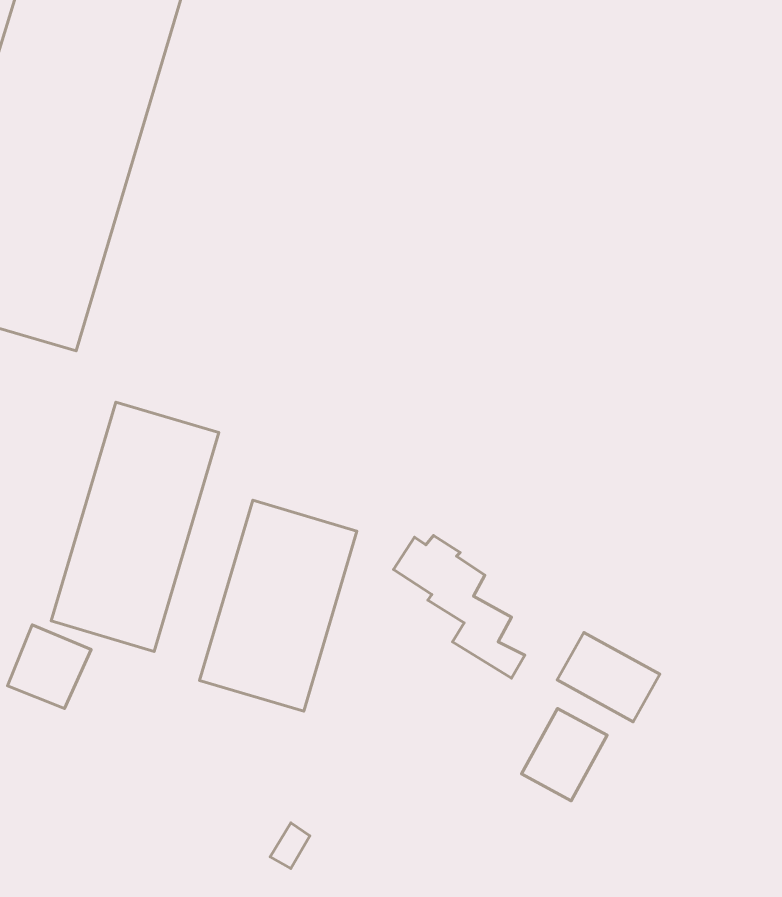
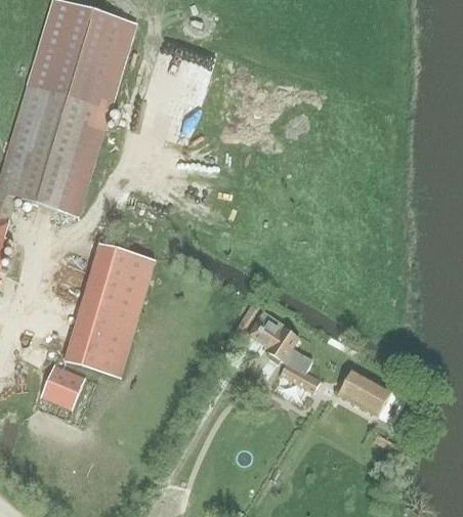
building: [200,500,357,711] -> none
building: [522,709,607,801] -> none

